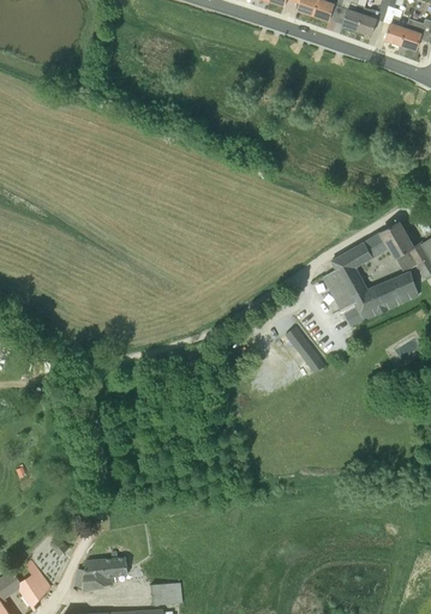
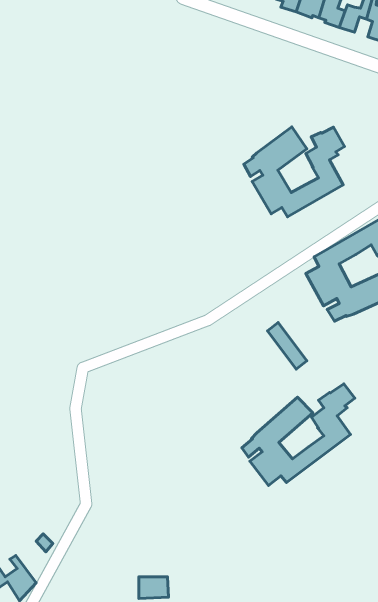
building: none -> [244,127,345,217]
building: none -> [242,384,355,485]
building: [74,552,126,588] -> none

